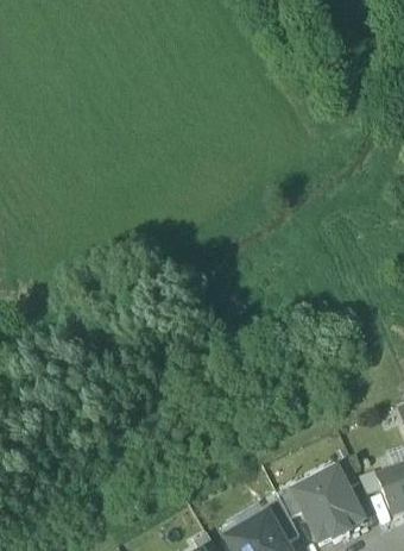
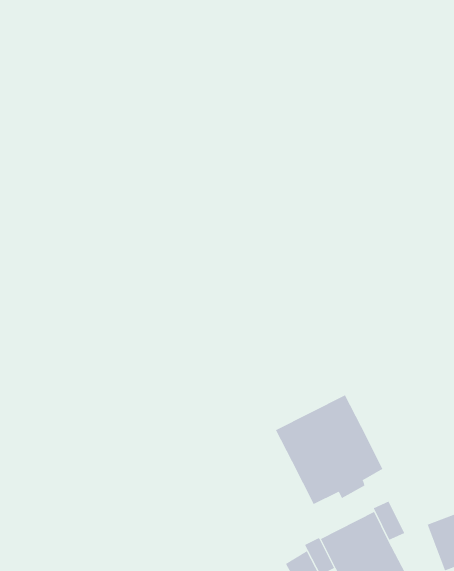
building: none -> [275,394,383,505]

